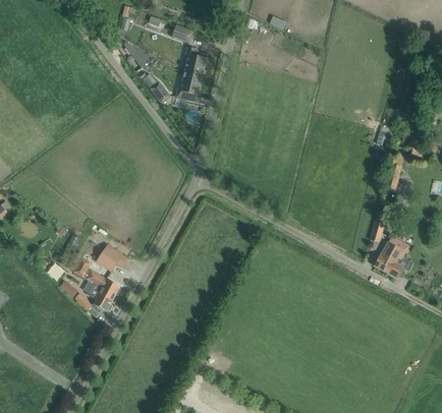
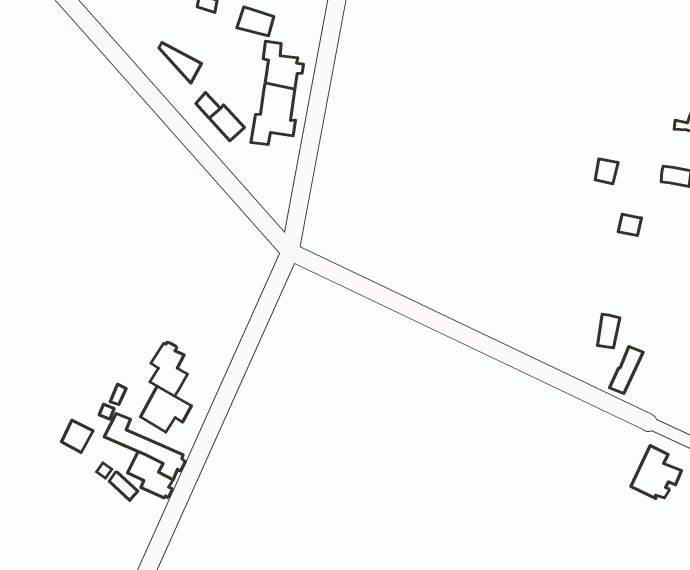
building: none -> [150,342,187,396]
building: [383,246,413,278] -> [631,445,681,498]

